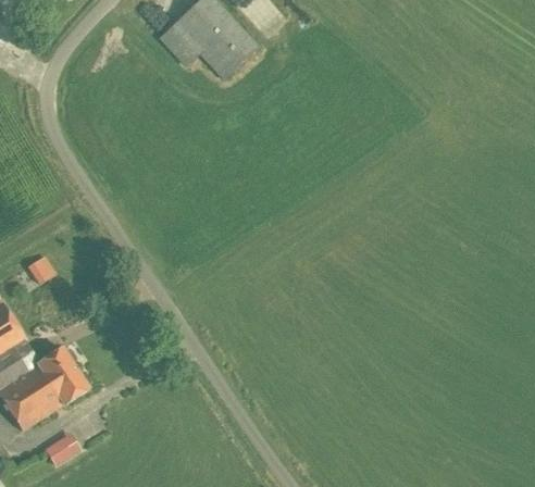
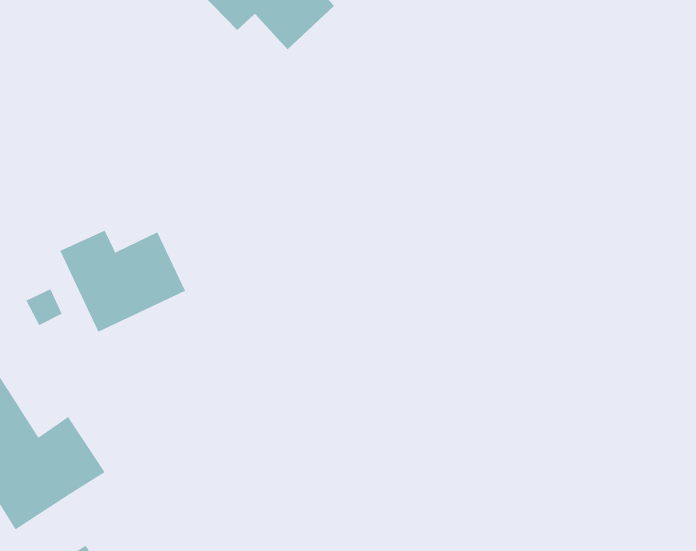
building: none -> [59,230,186,332]

